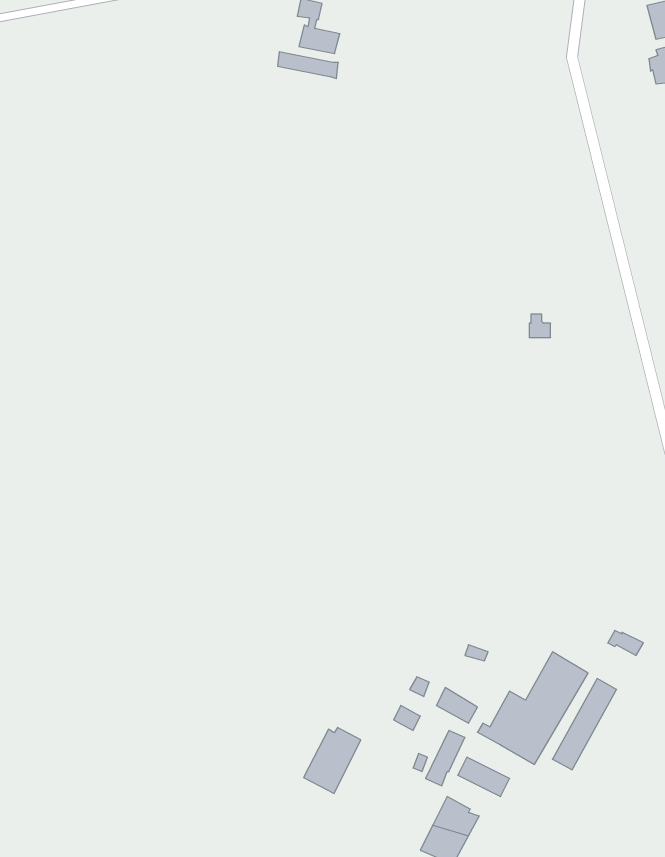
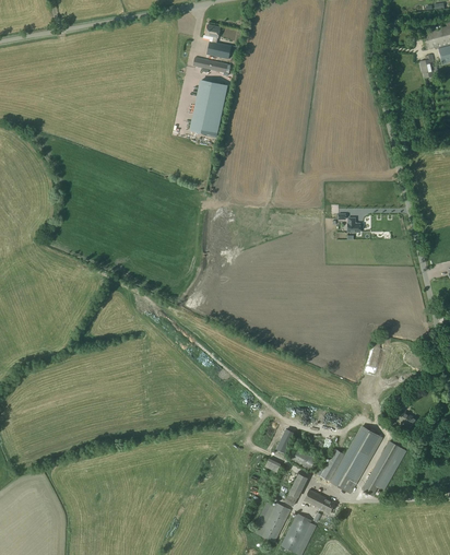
building: none -> [191,81,227,137]
building: [304,727,361,793] -> [256,503,291,543]

